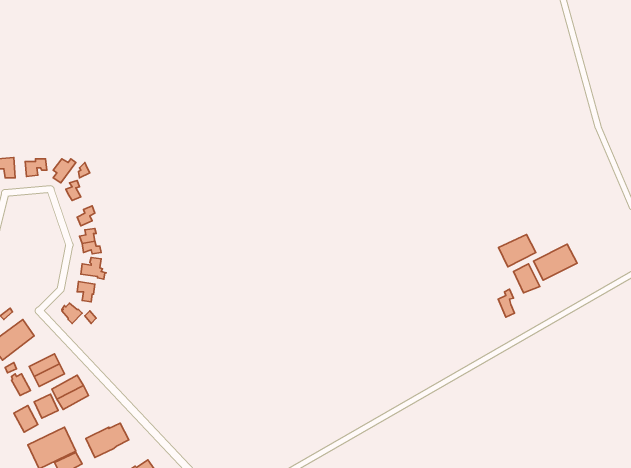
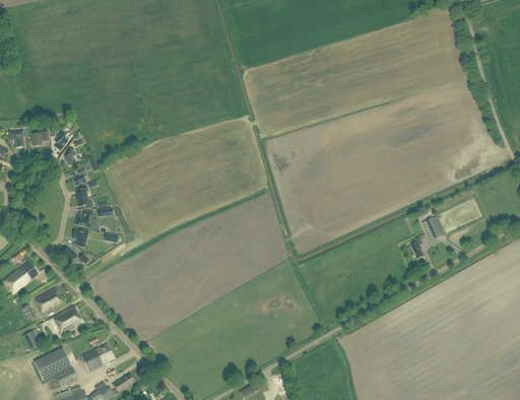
building: [499,234,536,267] -> none
building: [533,244,577,280] -> none

